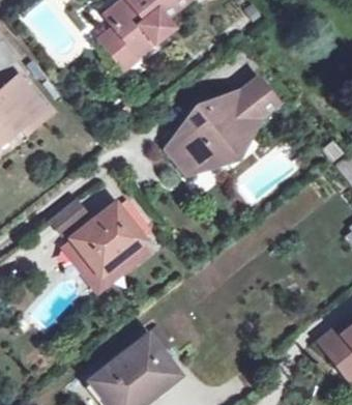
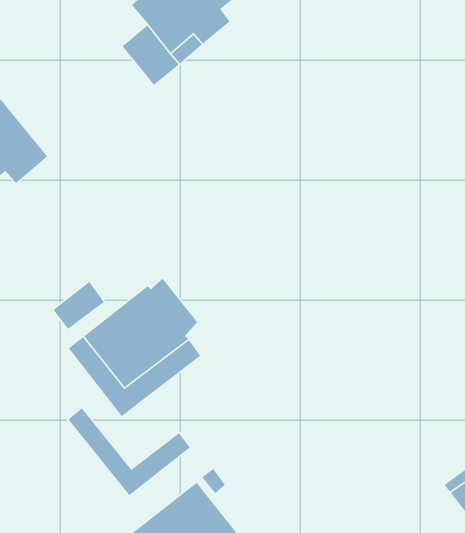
building: [163,80,278,175] -> none
building: none -> [68,407,191,496]

